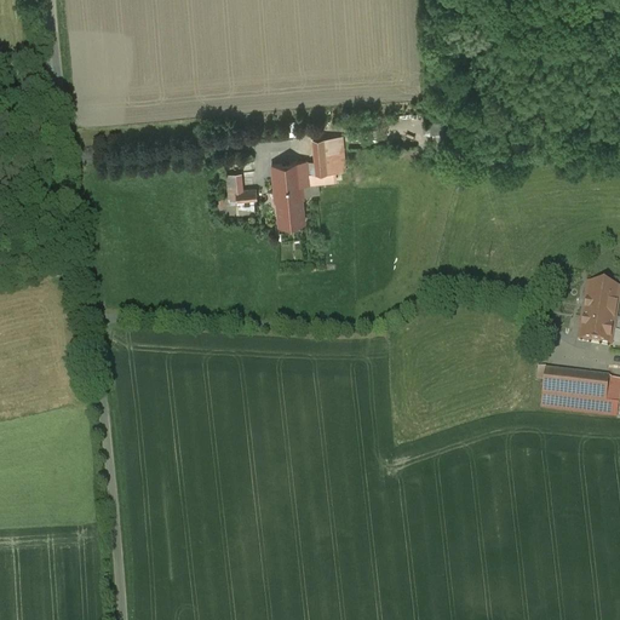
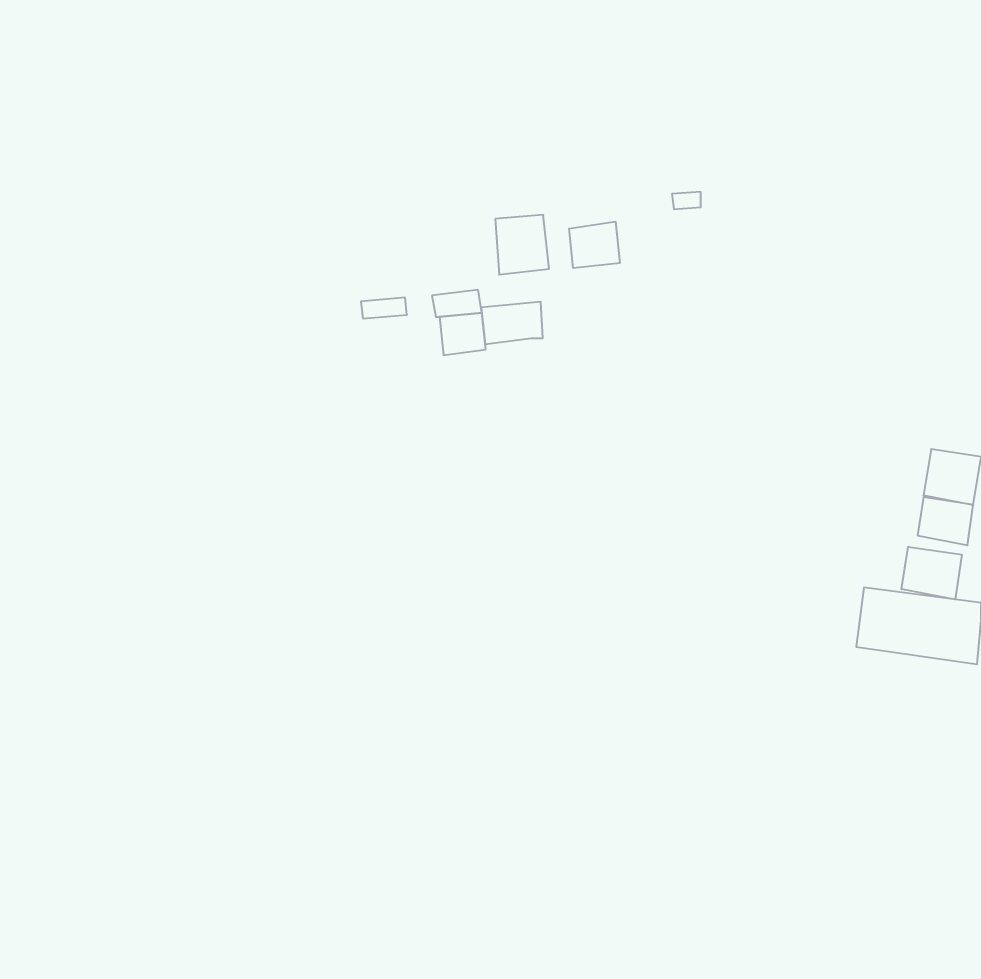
building: none -> [569,222,620,268]
building: [270,160,309,186] -> [481,302,543,344]
building: none -> [901,547,962,599]

